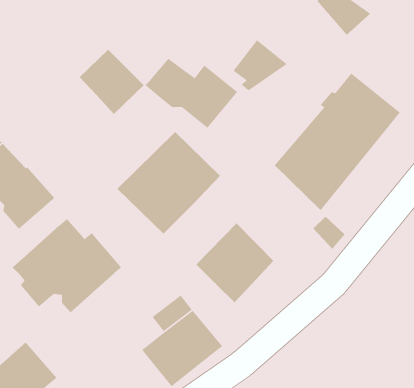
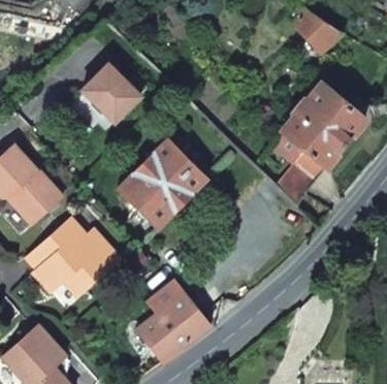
building: [233,39,288,91] -> none
building: [145,58,238,129] -> none
building: [195,222,274,303] -> none

